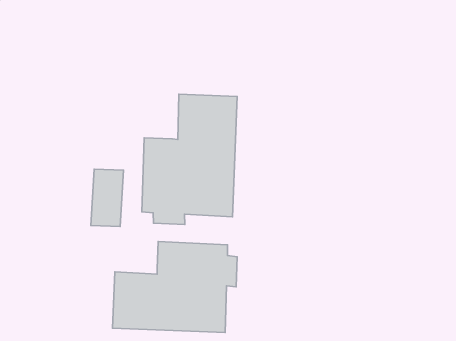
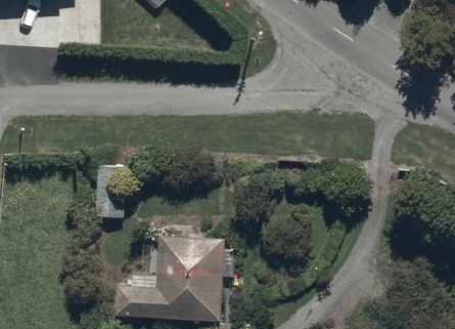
building: [142,94,237,225] -> none

